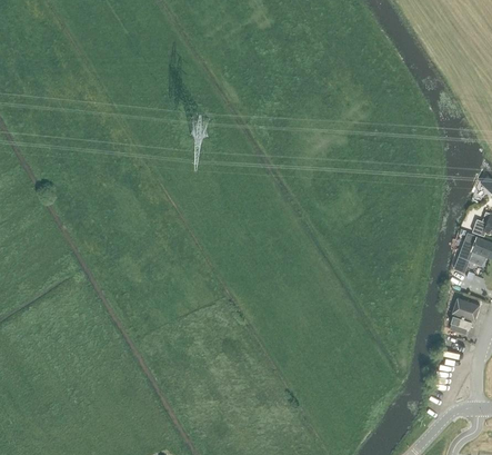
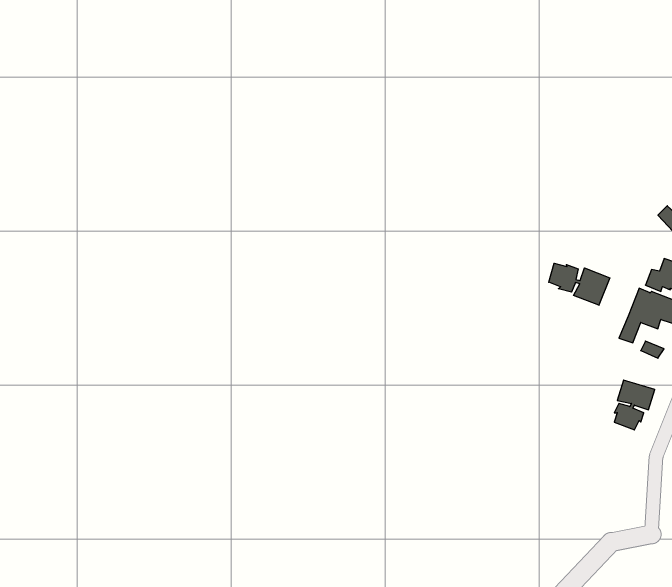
building: none -> [549,263,610,305]

